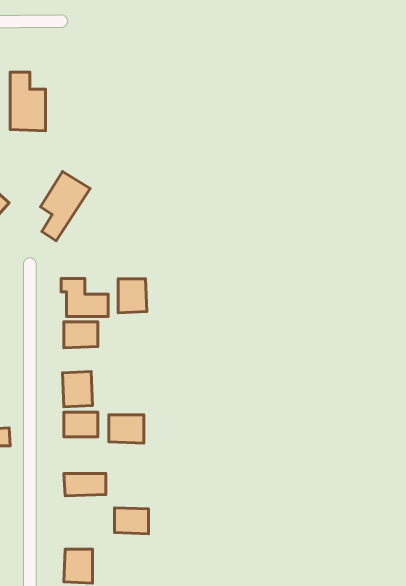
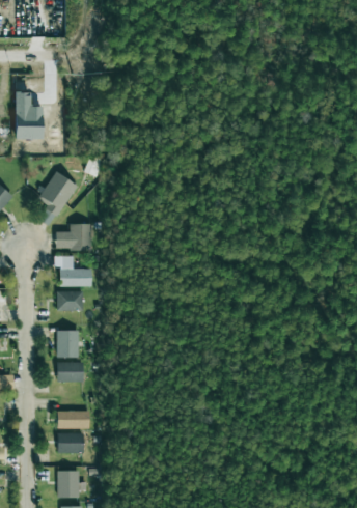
building: [118,279,147,313] -> [70,224,92,251]
building: [109,415,144,443] -> none
building: [115,508,149,534] -> [57,432,84,453]

